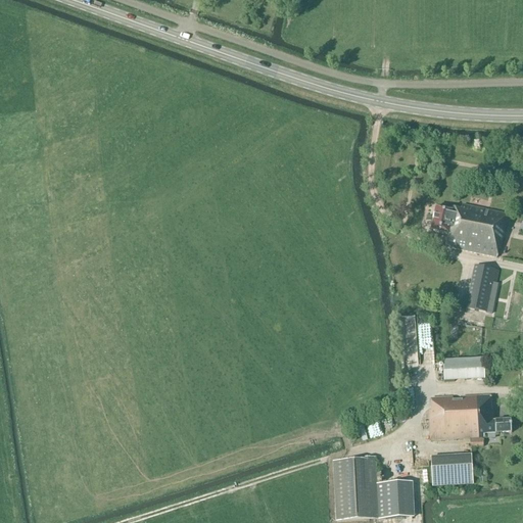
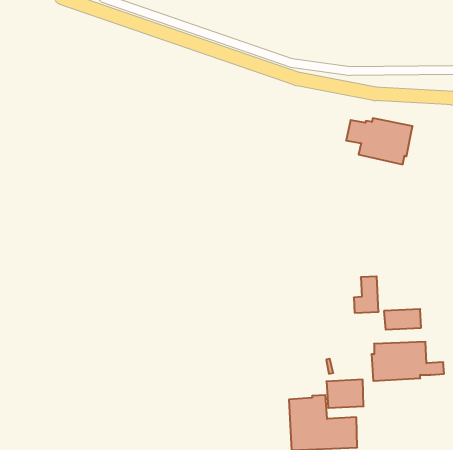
building: [431,203,508,256] -> [346,118,413,164]
building: [461,264,500,311] -> none
building: [430,453,473,485] -> [326,380,364,408]

